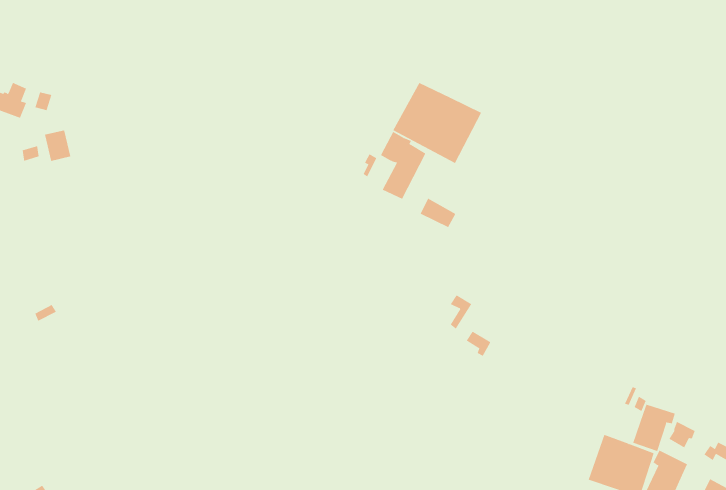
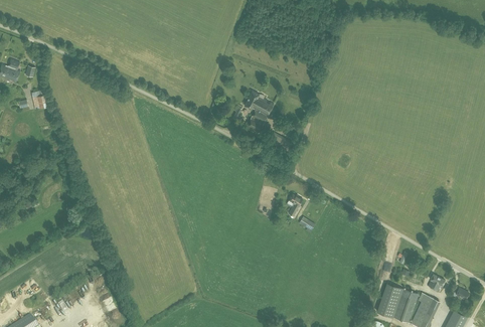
building: [393,82,482,164] -> none
building: [633,404,675,452] -> none

